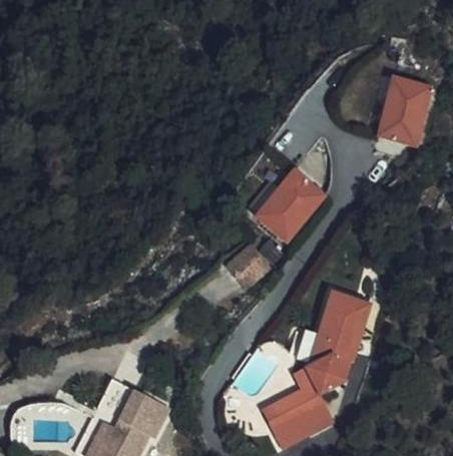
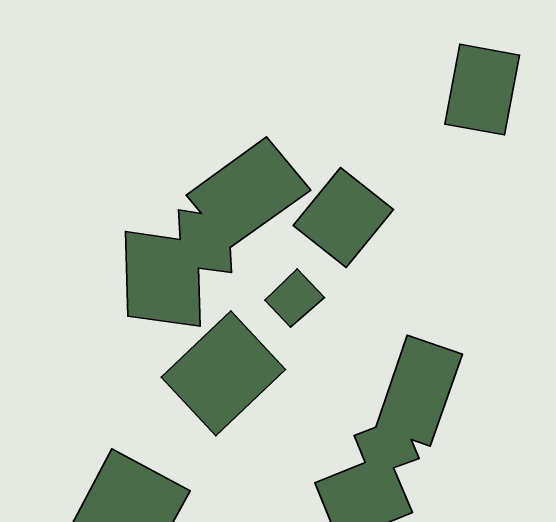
building: none -> [126,137,311,326]
building: none -> [161,311,286,436]

